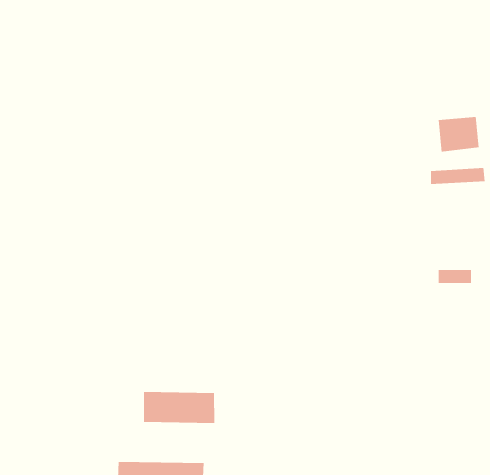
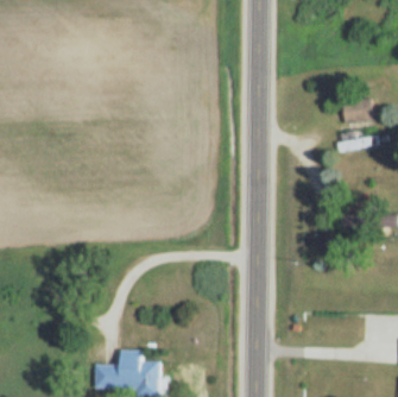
building: [143,391,215,424] -> none

